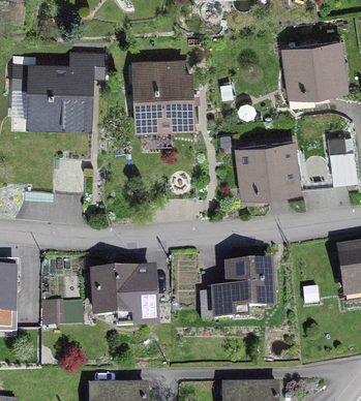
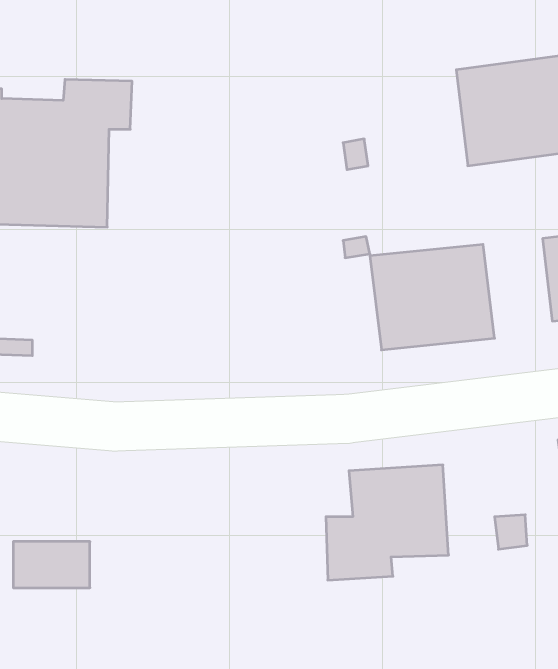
building: [130,58,194,132] -> none
building: [90,267,158,328] -> none

